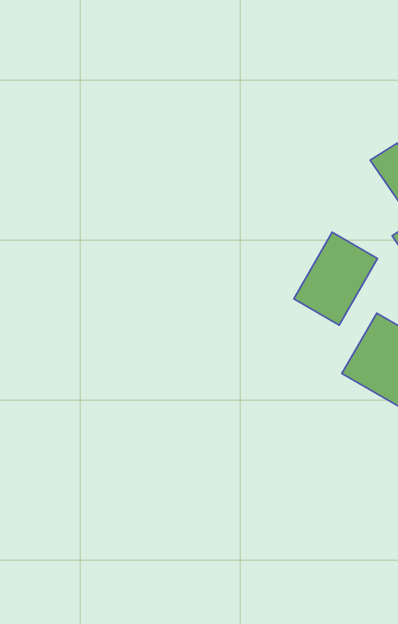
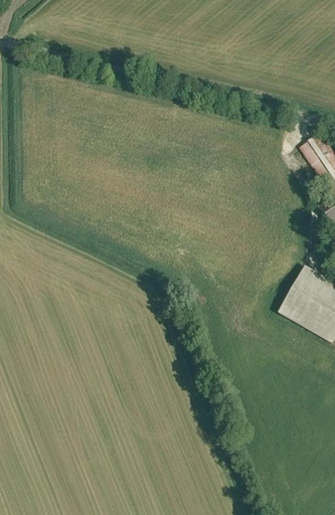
building: [294,232,378,325] -> none

